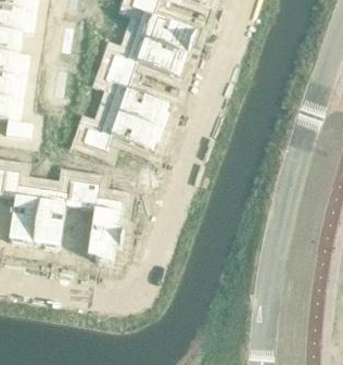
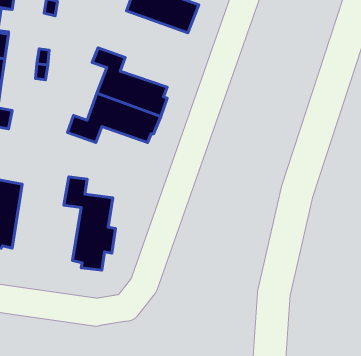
building: [110,33,189,76] -> none
building: [34,177,84,247] -> none

